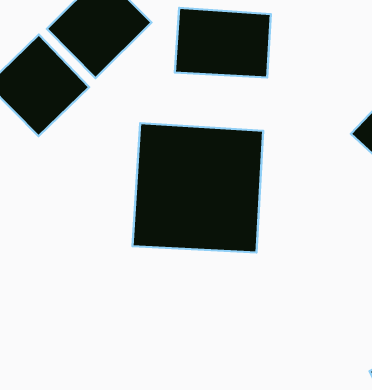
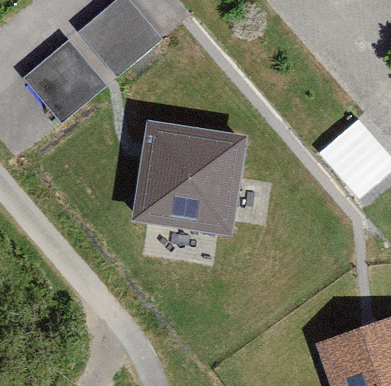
building: [175,8,271,77] -> none

